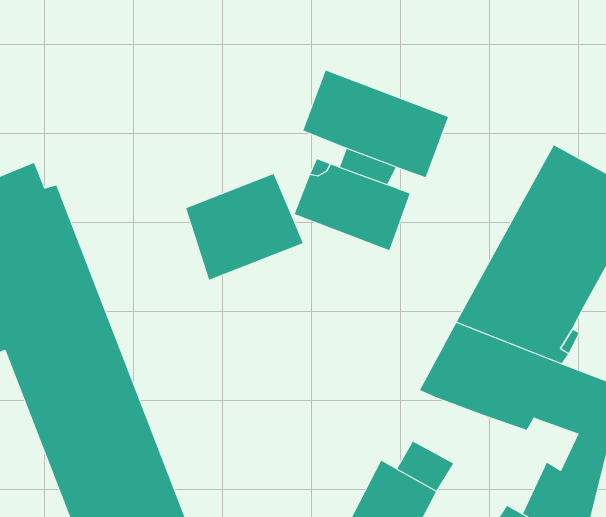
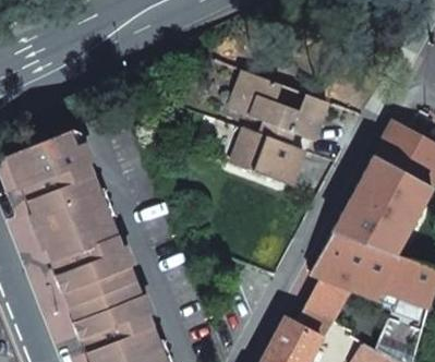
building: [186,173,303,280] -> none
building: none -> [303,279,347,321]

